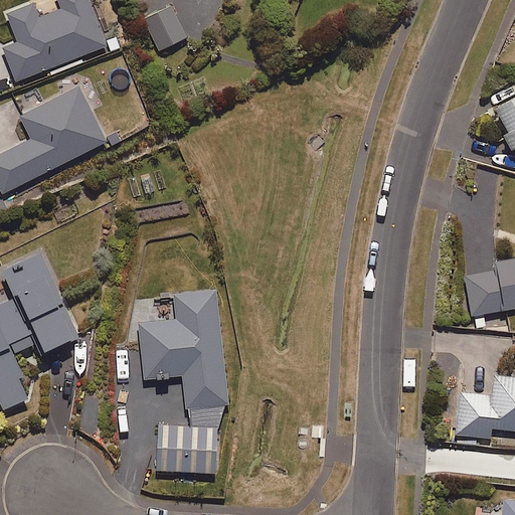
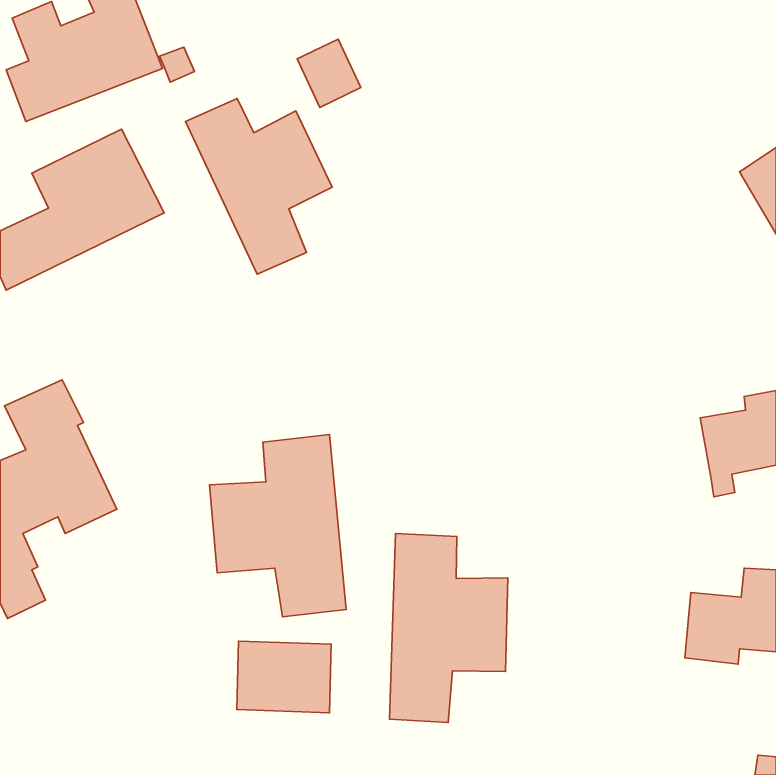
building: [143,5,185,50] -> [297,39,361,107]
building: none -> [186,99,332,274]
building: none -> [389,533,508,723]

